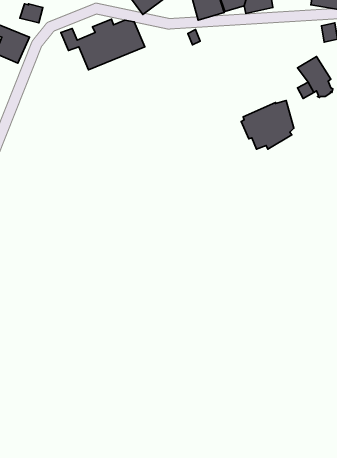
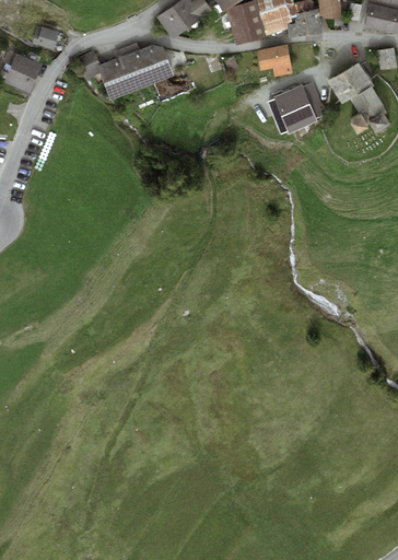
building: none -> [257,44,292,75]
building: none -> [328,61,372,102]
building: [241,101,294,149] -> [264,81,324,137]

